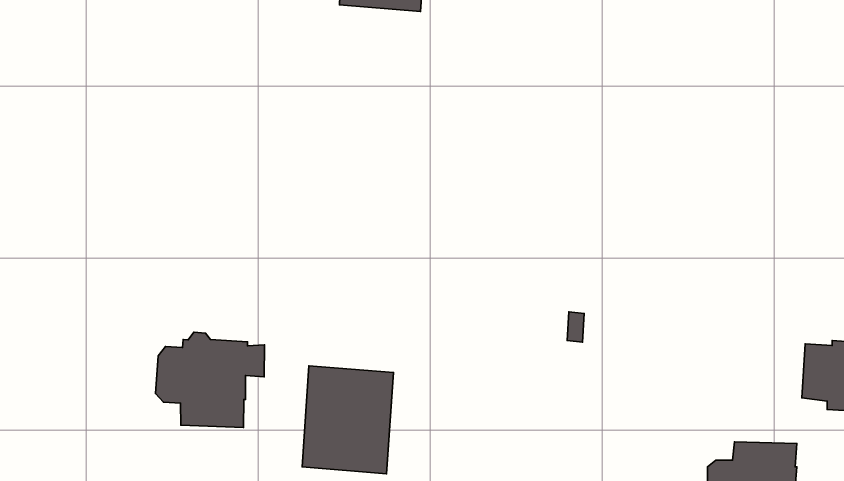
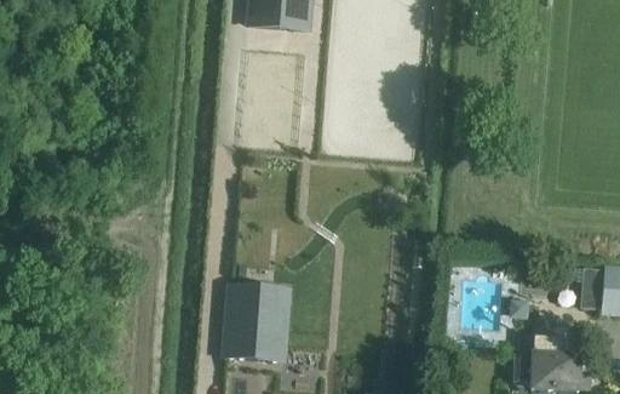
building: [156,332,264,427] -> none

